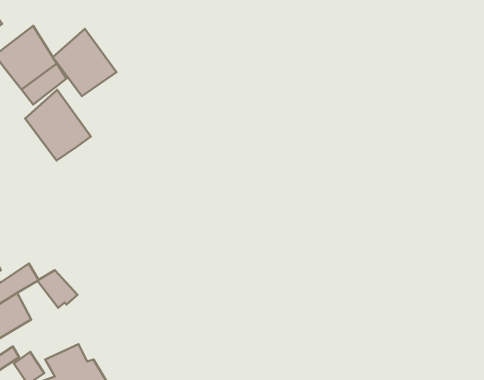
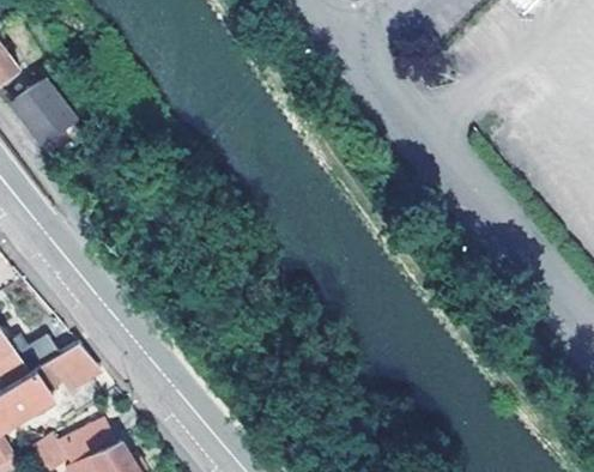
building: [53,29,116,96] -> none
building: [25,90,91,161] -> none

